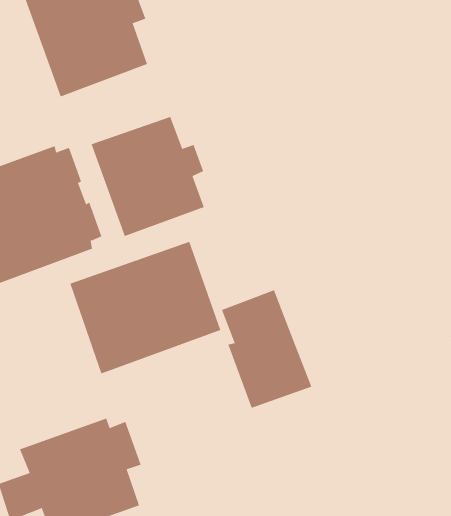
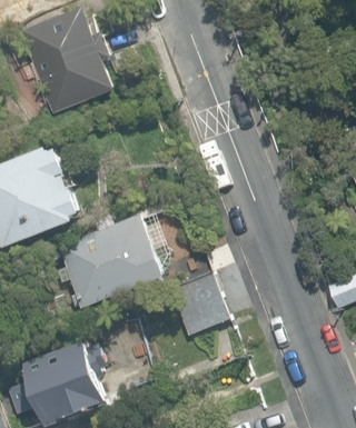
building: [91,116,204,237] -> none

